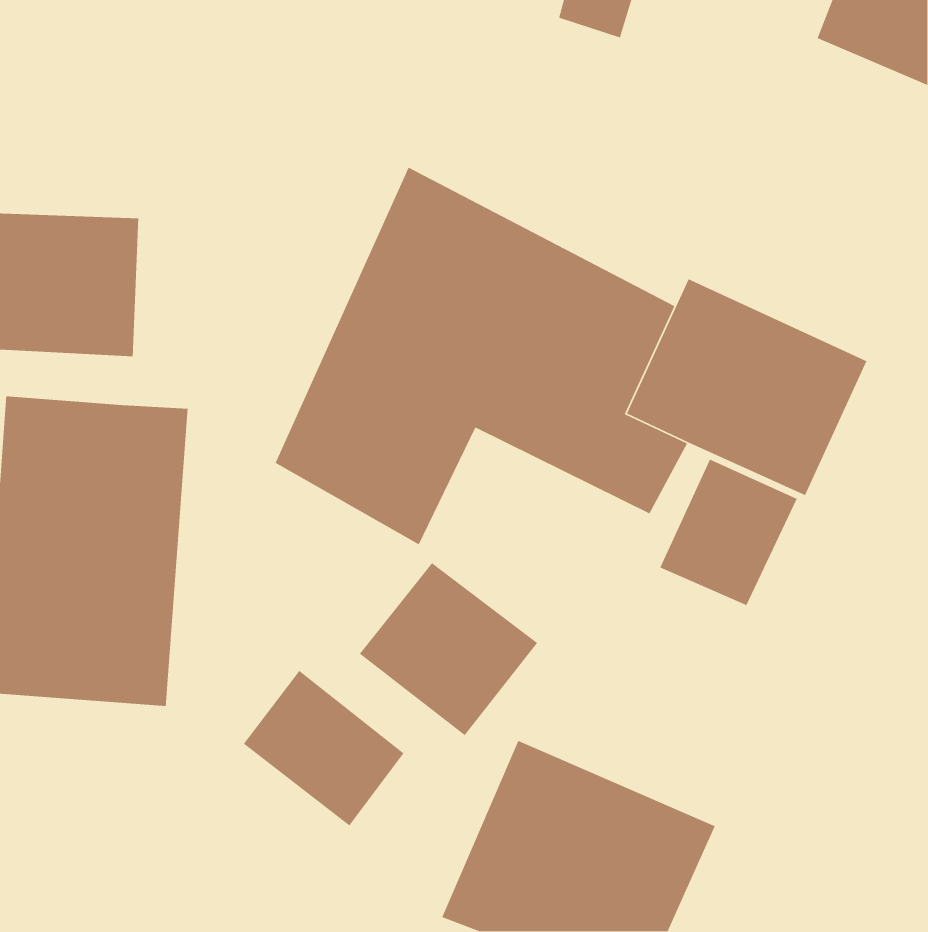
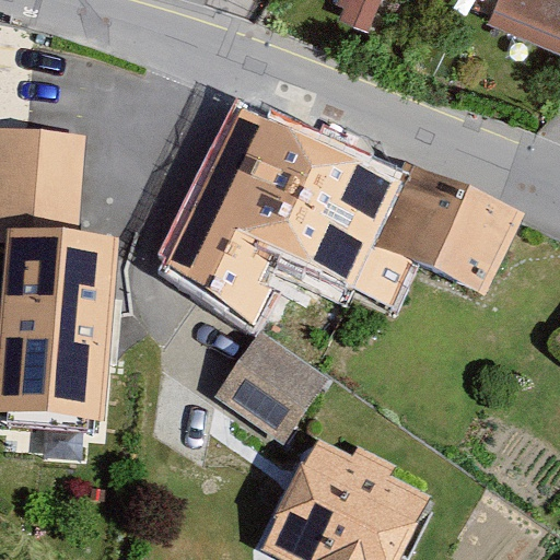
building: [659,459,798,606] -> none
building: [243,670,404,827] -> none

